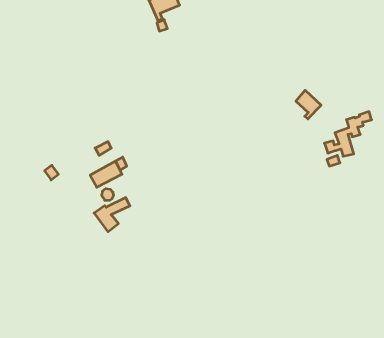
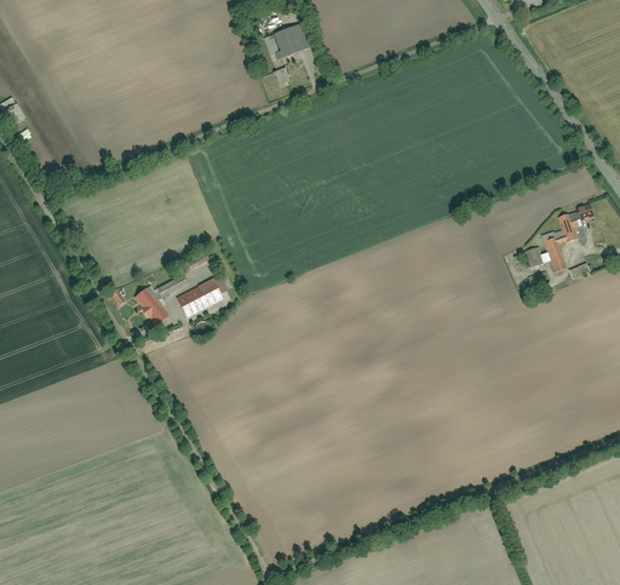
building: [296,90,321,119] -> none
building: [94,198,130,232] -> [134,274,188,325]

